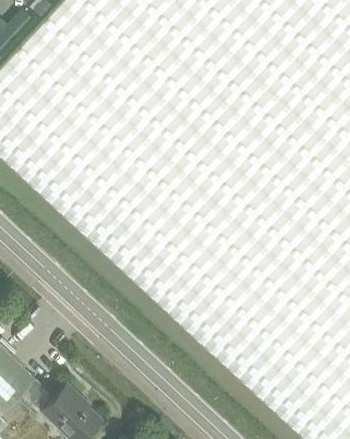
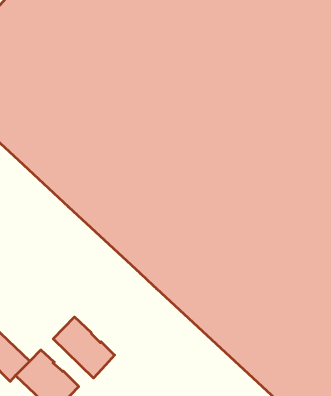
building: none -> [53,317,115,378]

